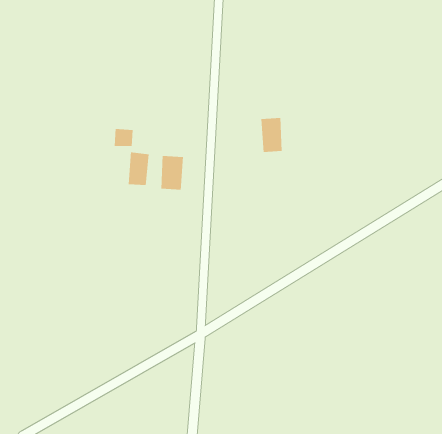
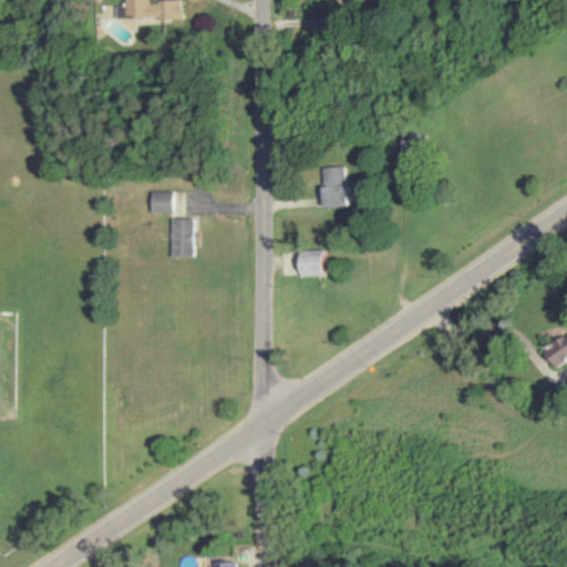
building: [161,155,183,191] -> none
building: none -> [300,250,324,276]

